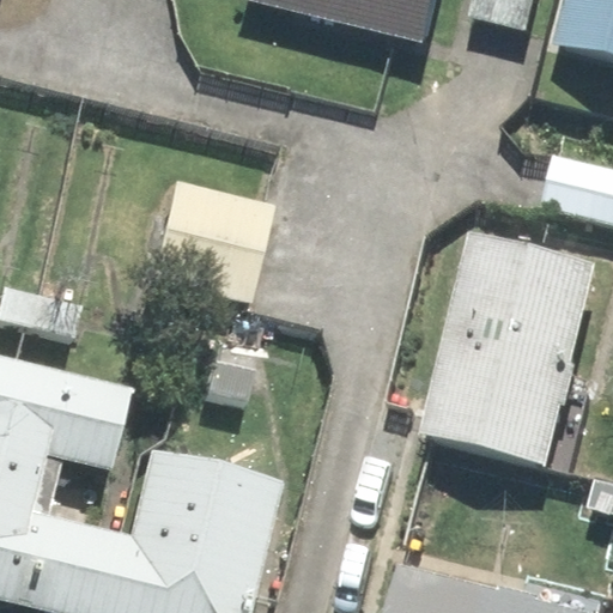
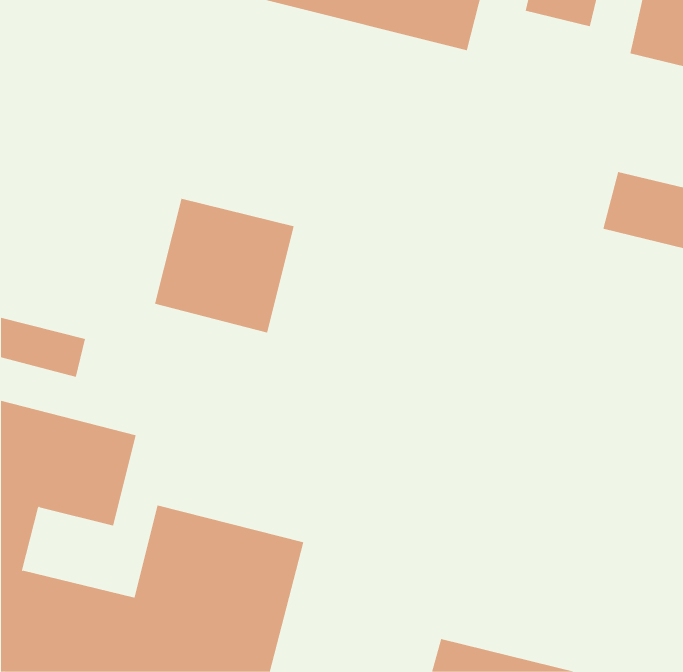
building: [420,233,599,468] -> none

